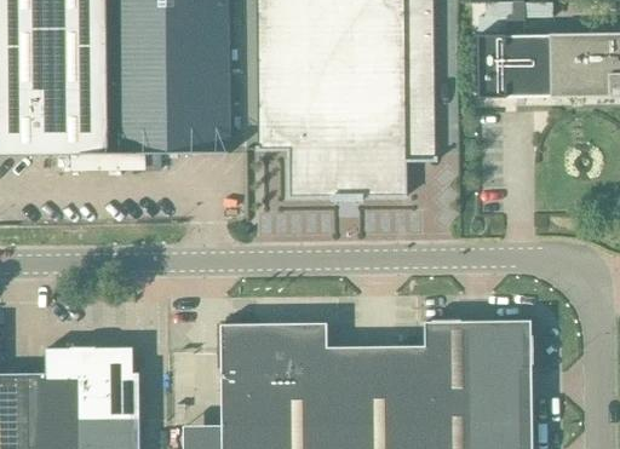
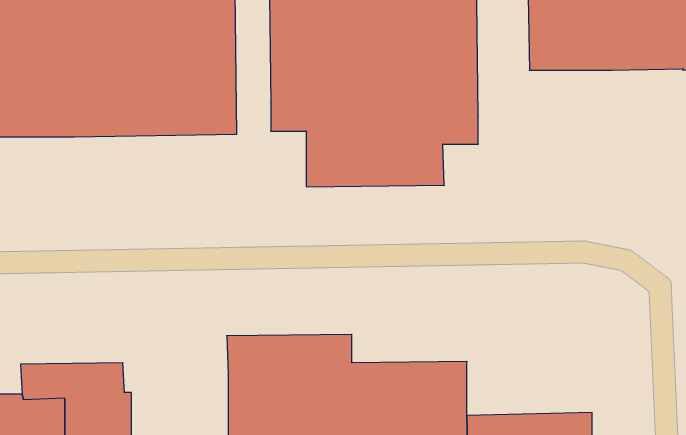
building: [425,321,532,392] -> none

